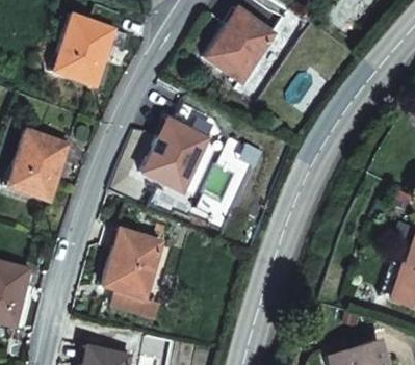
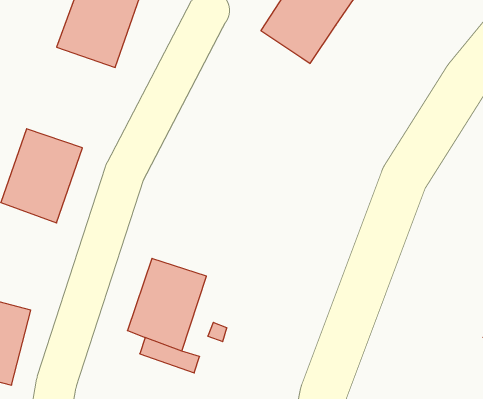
building: [144,120,210,191] -> none

